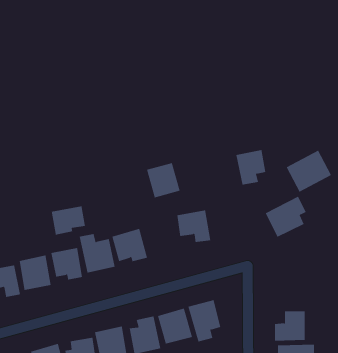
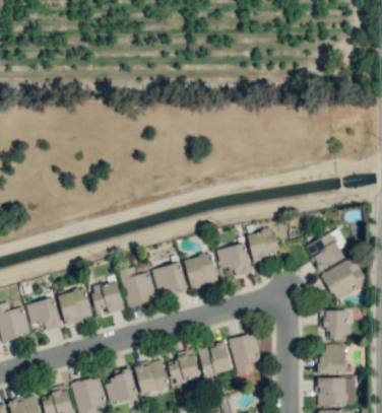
building: [236,150,266,185] -> [247,228,277,264]
building: [286,150,332,193] -> [321,257,367,299]
building: [146,162,181,198] -> [183,253,217,288]
building: [51,206,86,235] -> none
building: none -> [319,309,351,338]

